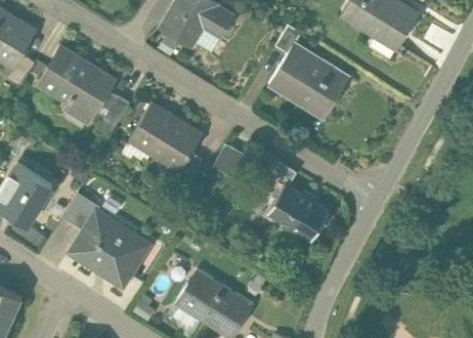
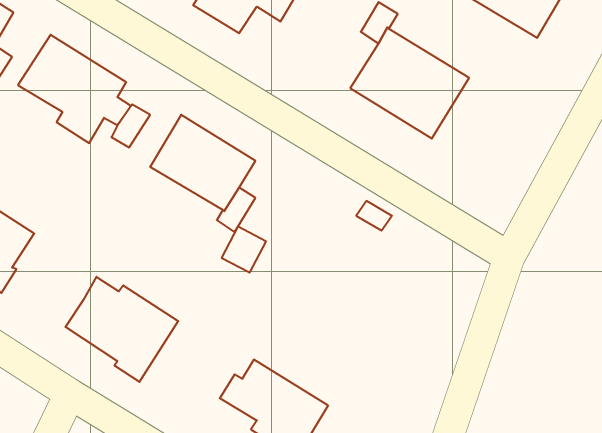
building: [214,145,245,177] -> [222,227,266,273]
building: [267,184,329,240] -> none
building: [62,194,100,231] -> none

